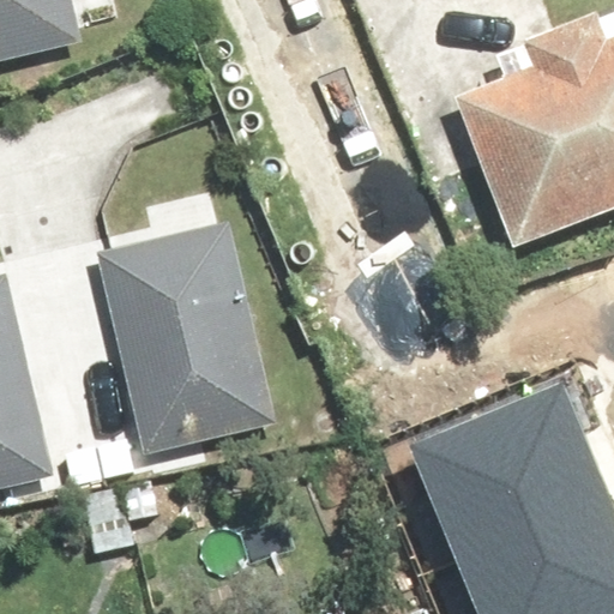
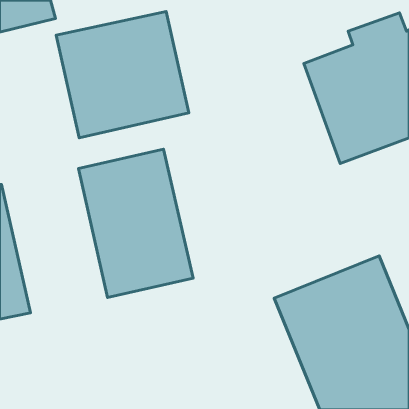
building: none -> [56,11,189,138]

